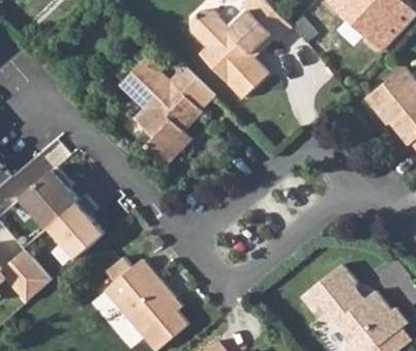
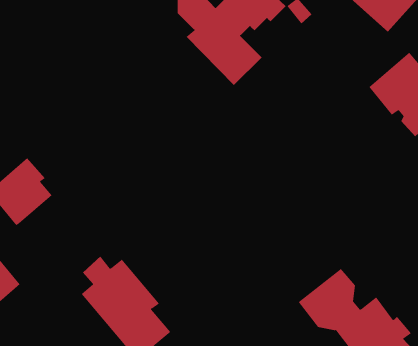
building: [120,58,214,165] -> none
building: [49,193,105,257] -> none

